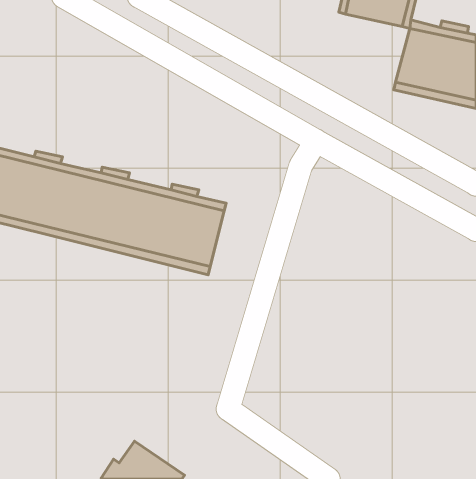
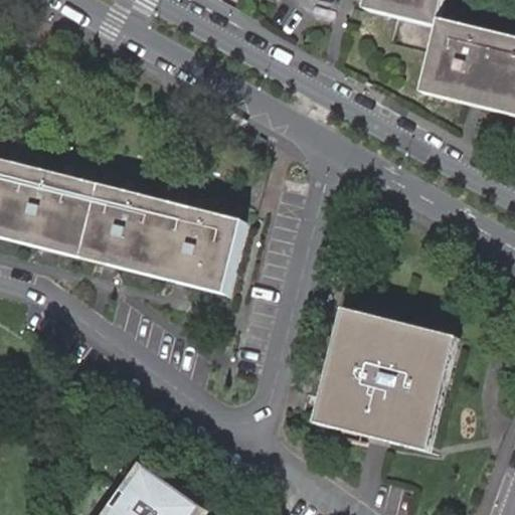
building: none -> [313,310,453,446]

